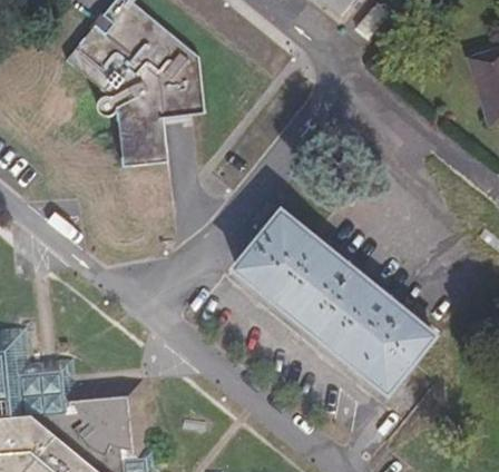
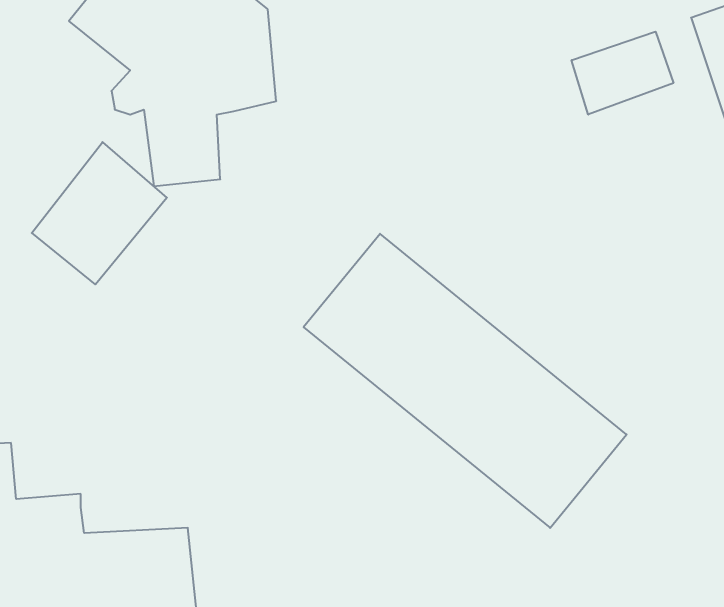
building: none -> [572,32,673,115]
building: none -> [32,142,167,284]

